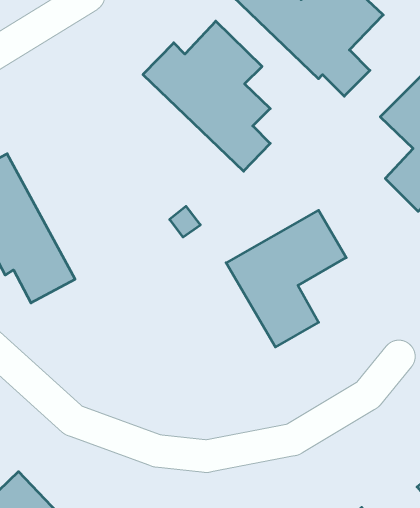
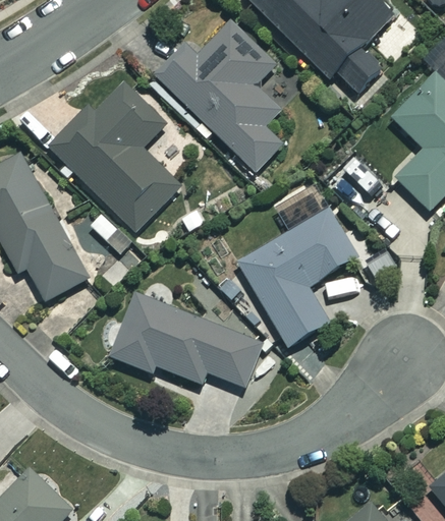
building: none -> [51,82,181,232]
building: none -> [111,294,266,388]

